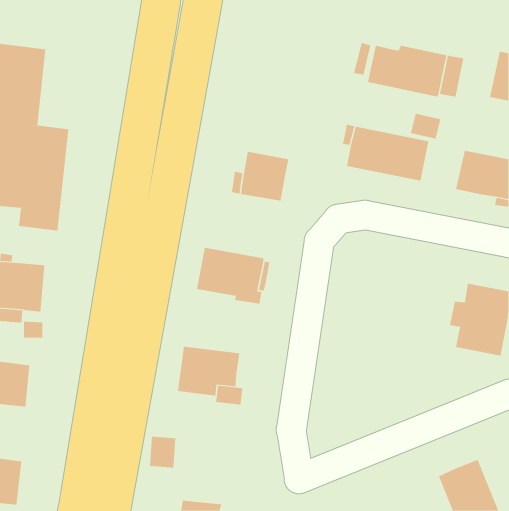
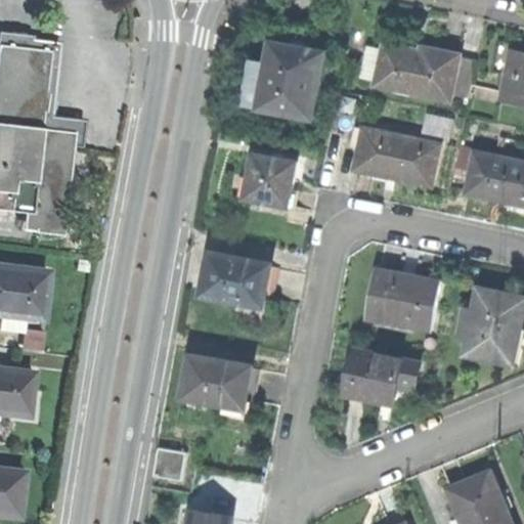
building: none -> [242,43,323,118]
building: none -> [367,270,439,331]
building: none -> [345,349,420,404]

